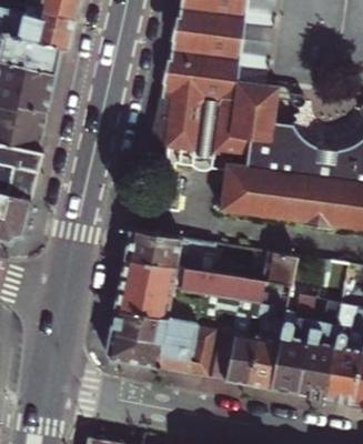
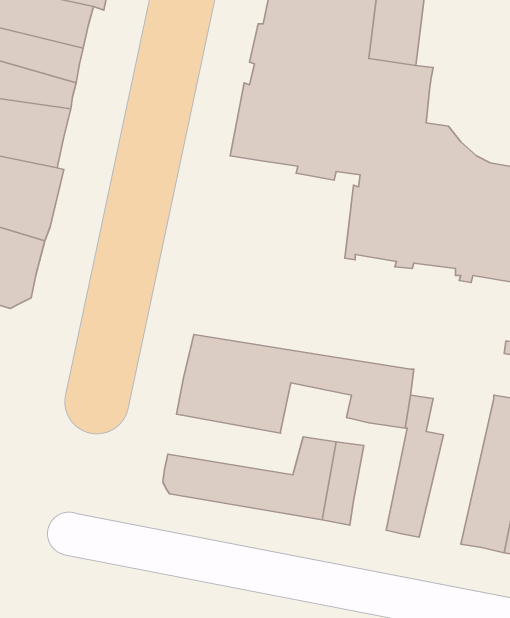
building: [125,230,301,285] -> none
building: [270,296,317,393] -> none
building: [109,310,195,349] -> none
building: [225,315,262,384] -> none

